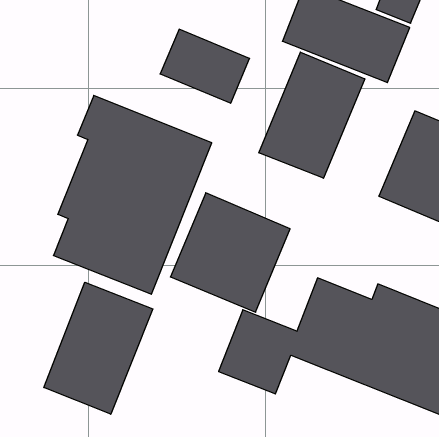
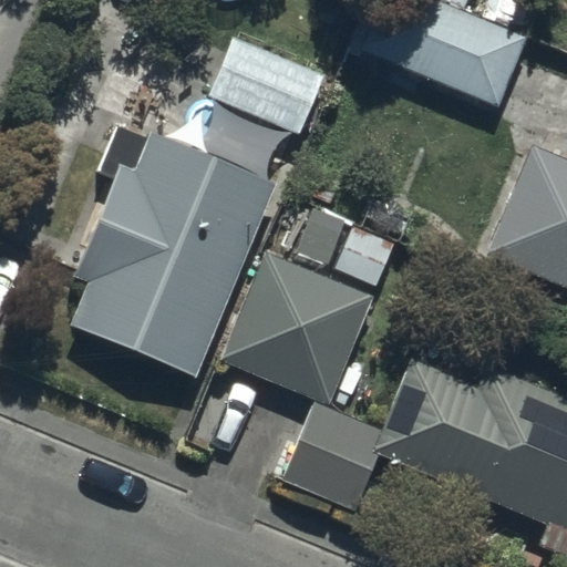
building: [259,52,365,178] -> none
building: [44,282,153,414] -> none

